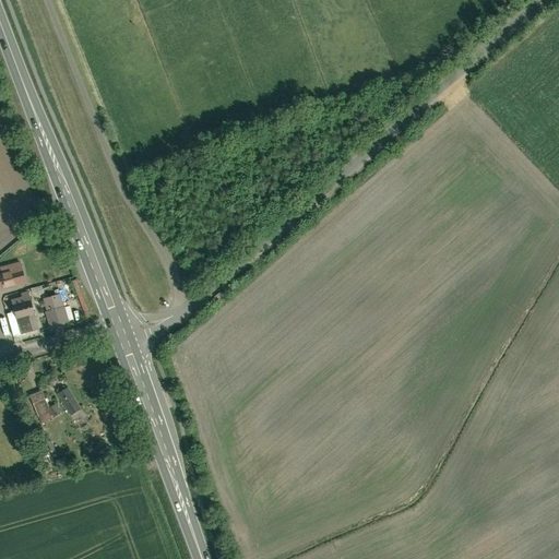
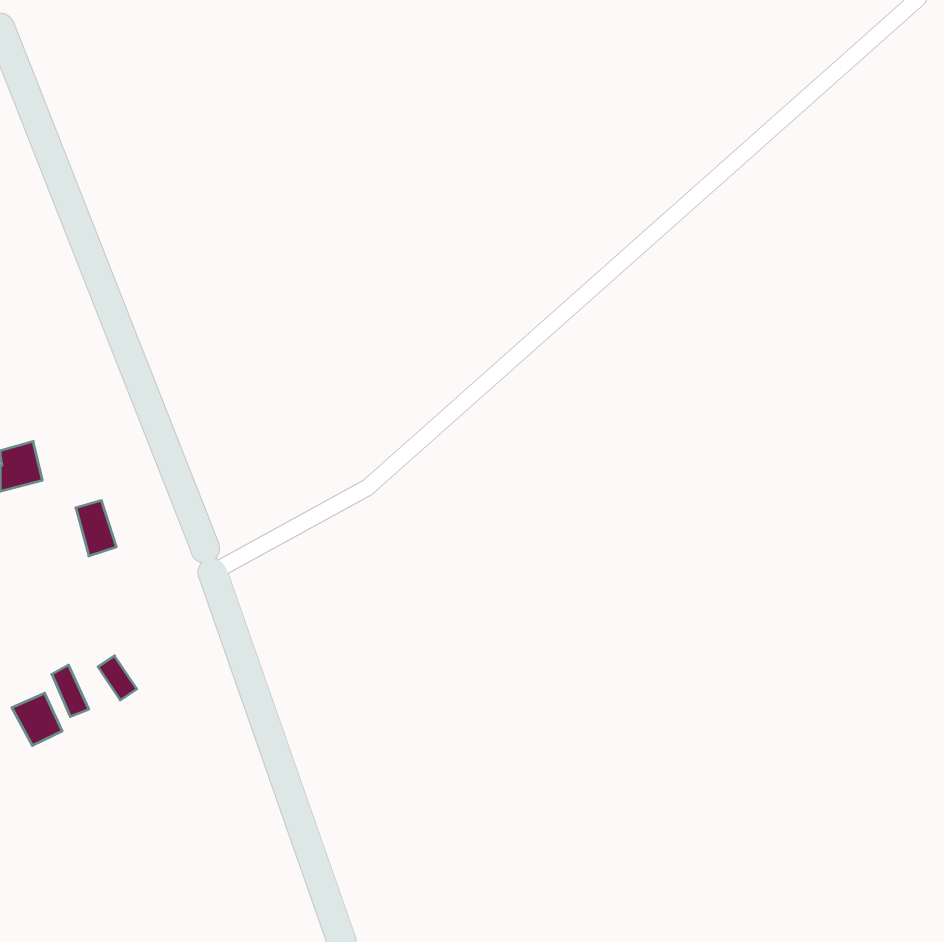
building: [12,292,39,335] -> none
building: none -> [12,693,62,746]

